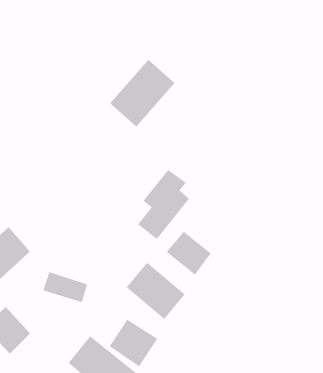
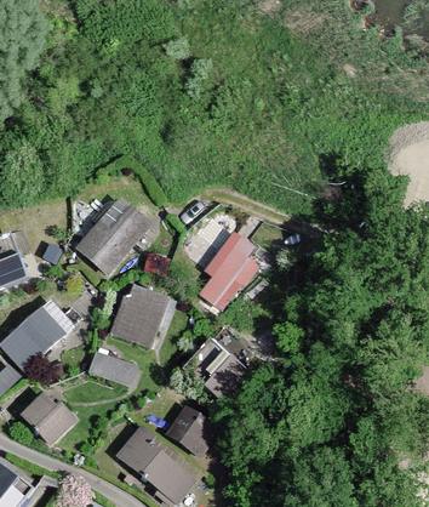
building: [109,59,175,127] -> [76,198,153,277]
building: none -> [111,283,170,348]
building: [166,231,212,275] -> none

